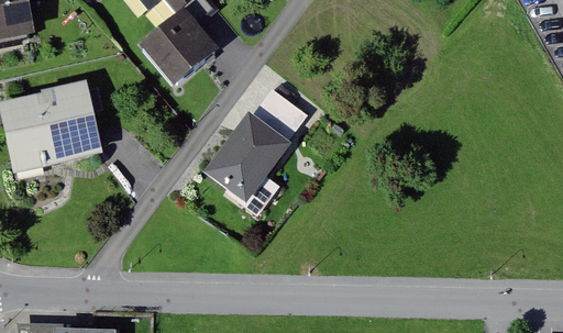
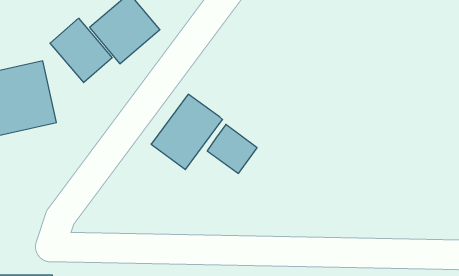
building: none -> [50,18,112,83]
building: [250,89,306,144] -> [207,124,257,173]

